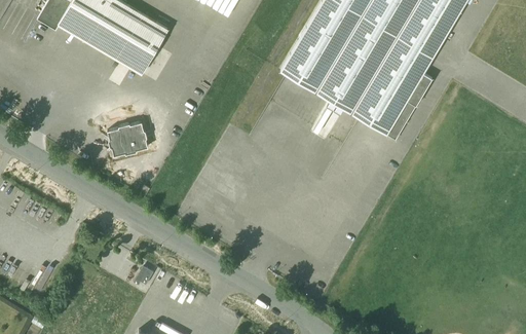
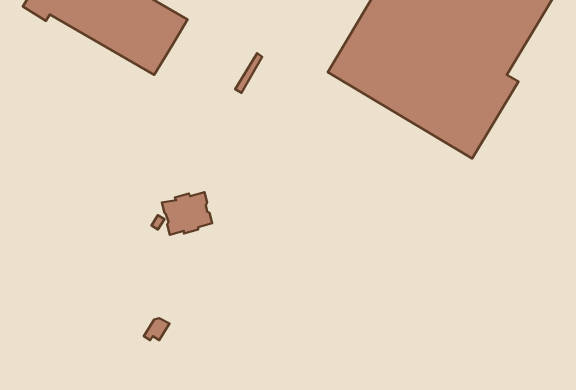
building: [108,123,148,157] -> [162,192,212,235]

